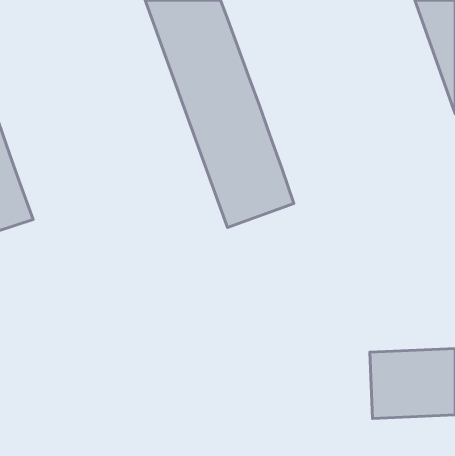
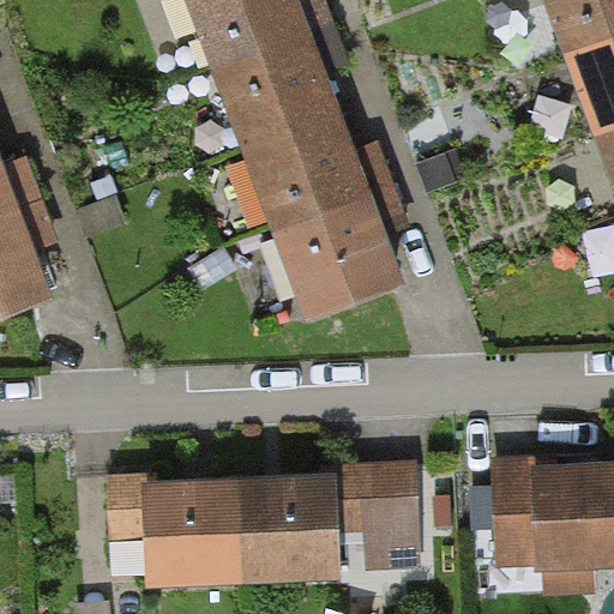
building: none -> [118,474,423,577]

